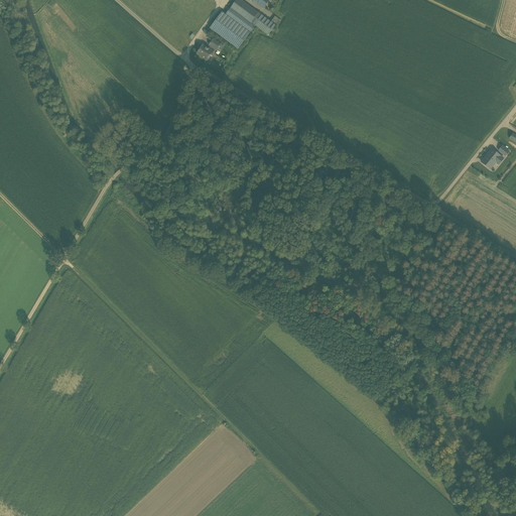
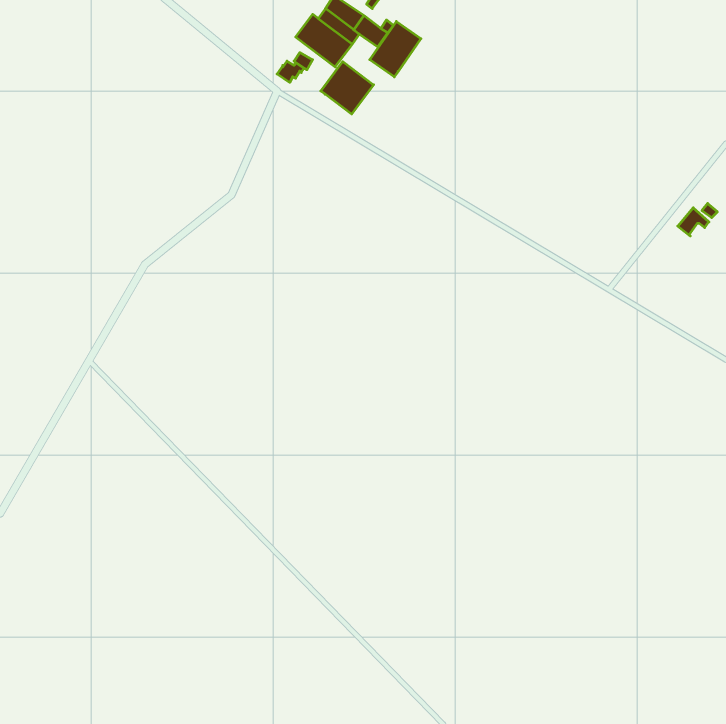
building: none -> [370,21,421,77]
building: none -> [321,62,374,114]

